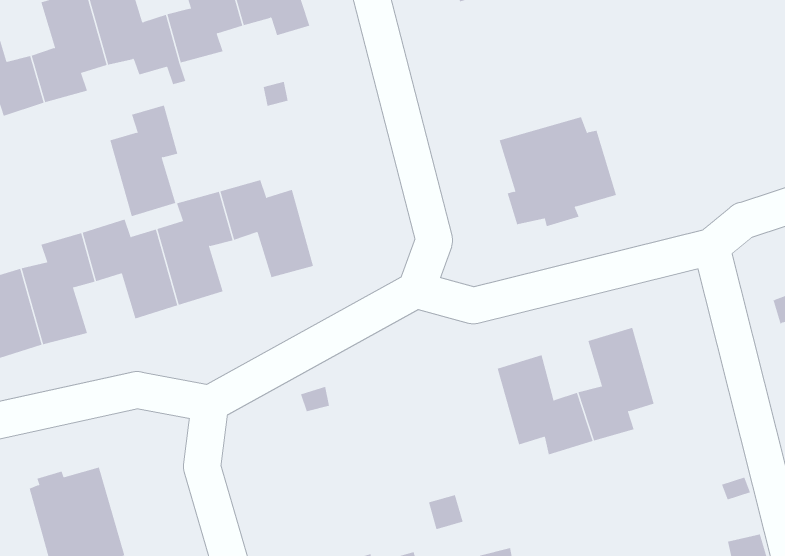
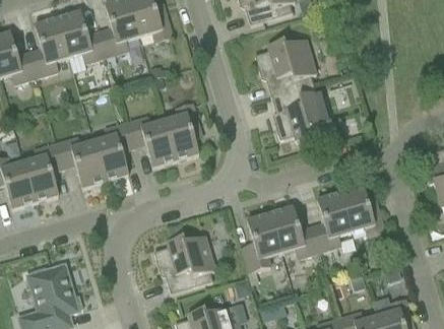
building: none -> [255,40,317,95]
building: [109,105,178,217] -> [165,103,200,160]
building: none -> [340,186,386,237]
building: none -> [242,213,281,272]
building: none -> [154,236,215,292]

